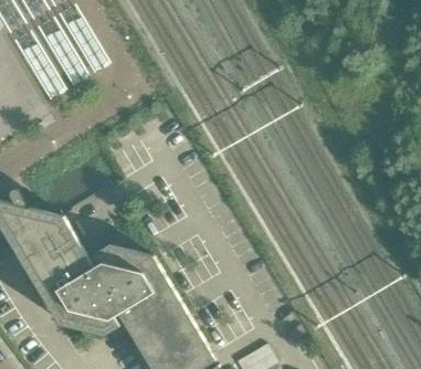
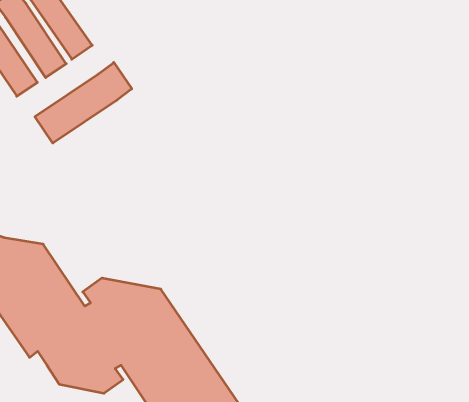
building: none -> [35,62,132,143]

